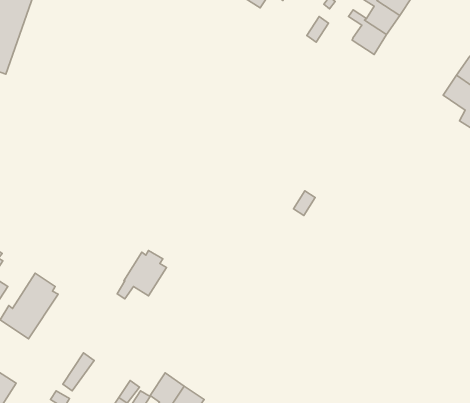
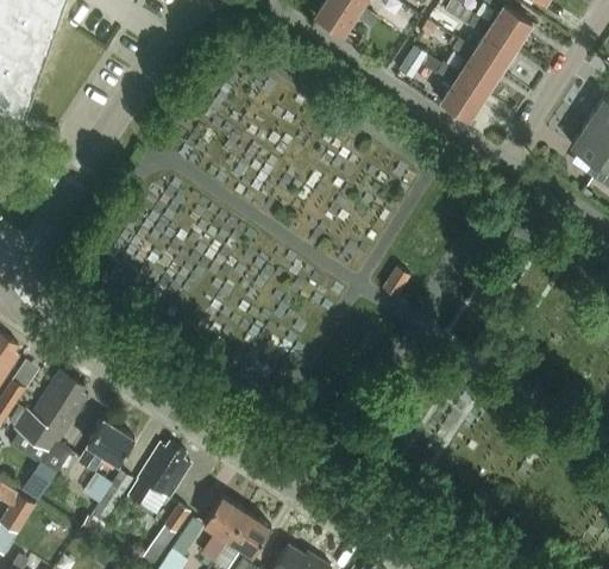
building: none -> [437,63,484,120]
building: [117,250,167,299] -> [130,442,192,502]
building: none -> [81,419,134,471]
building: none -> [21,462,57,501]

